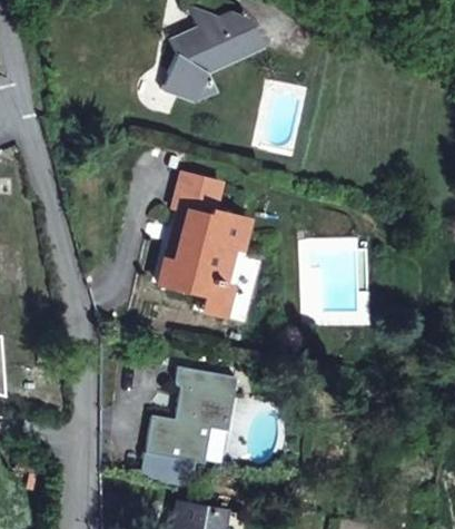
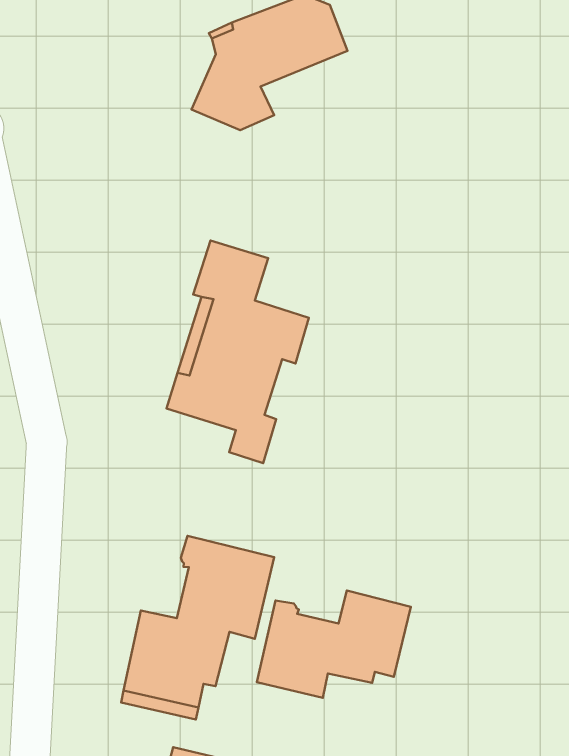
building: none -> [257,590,411,698]

